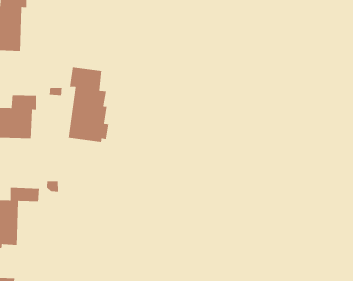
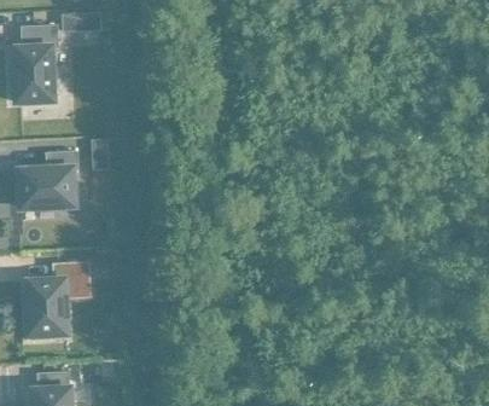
building: [68,66,109,143] -> none

